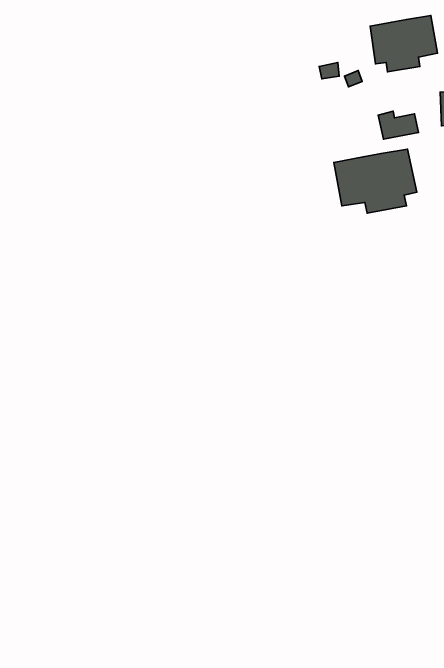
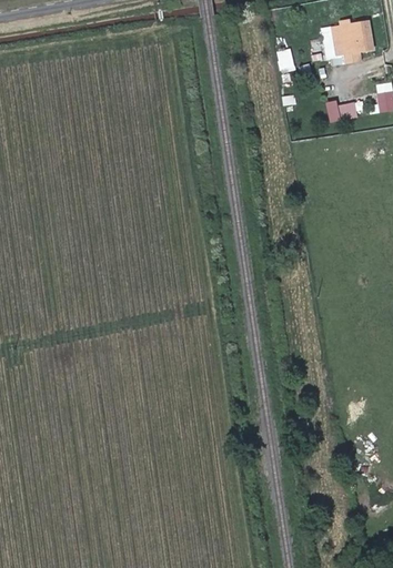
building: [334,149,417,213] -> none

